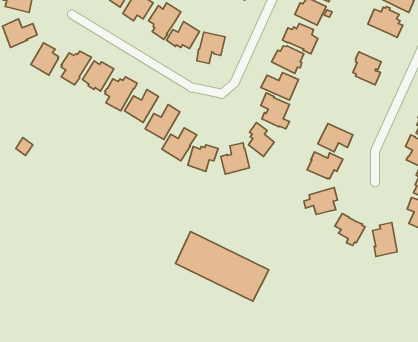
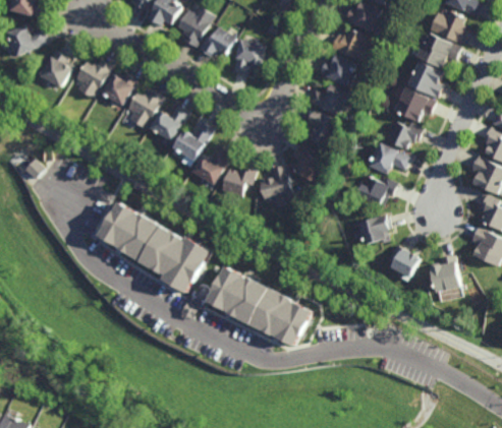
building: none -> [407,33,459,69]
building: none -> [396,87,434,122]
building: none -> [386,122,421,150]
building: none -> [98,203,211,294]

